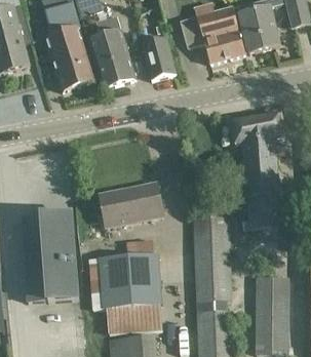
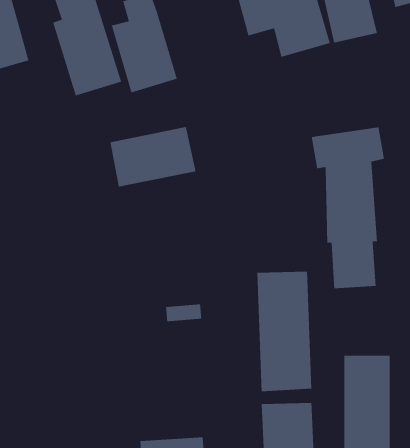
building: [141,36,176,79] -> none
building: [100,182,162,226] -> [110,126,197,188]
building: [22,211,78,301] -> none
building: [88,252,161,334] -> none

